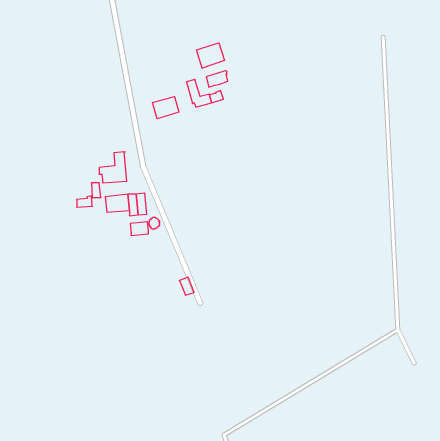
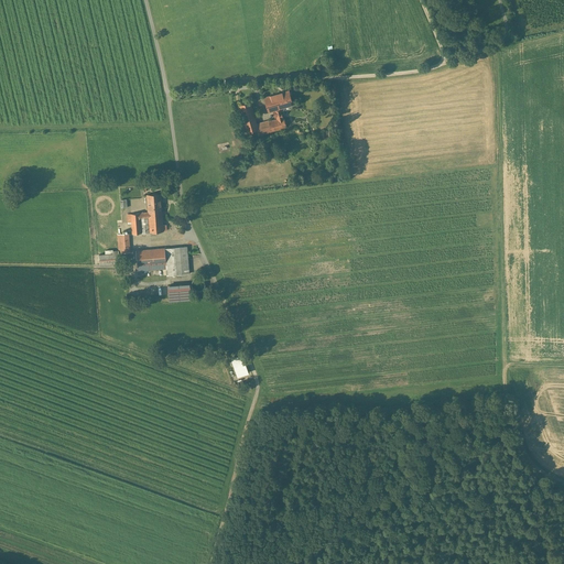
building: [196,43,224,68] -> none
building: [153,97,179,119] -> none

